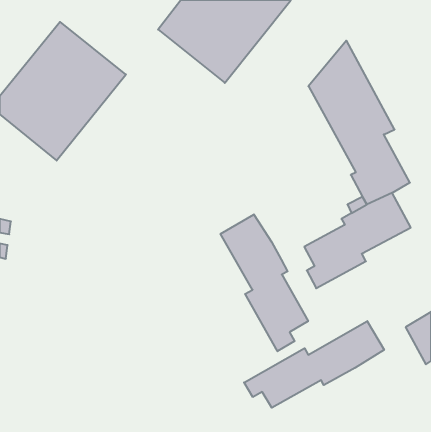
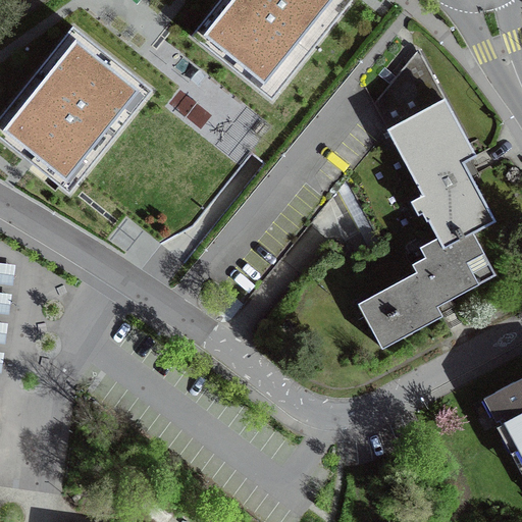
building: [221,214,308,351] -> none
building: [244,321,384,408] -> none

